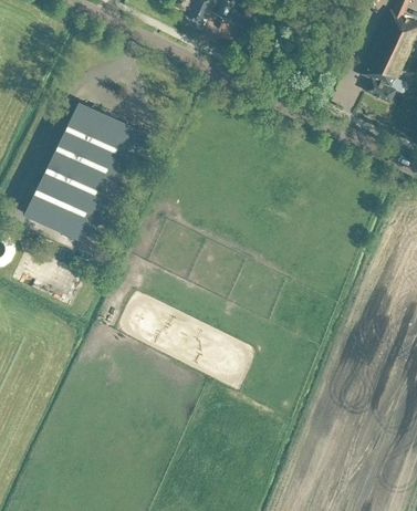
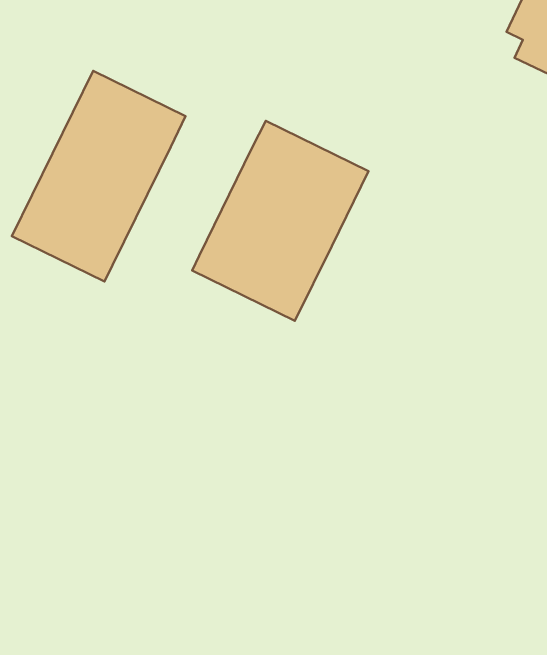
building: none -> [192,121,369,321]

